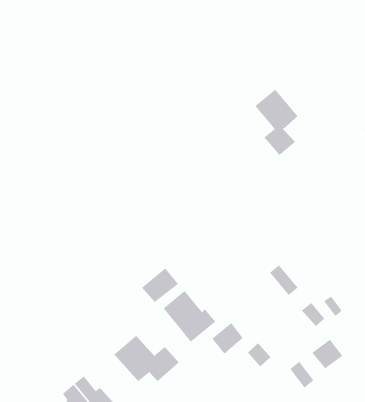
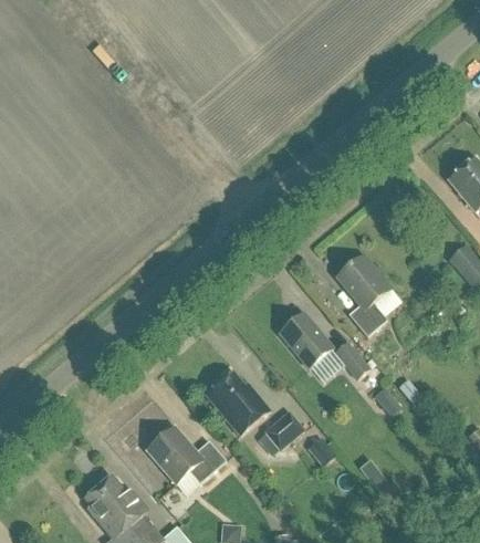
building: [254,89,298,156] -> [336,254,389,335]
building: none -> [278,312,332,367]
building: [141,268,179,303] -> none
building: [312,339,343,369] -> none

